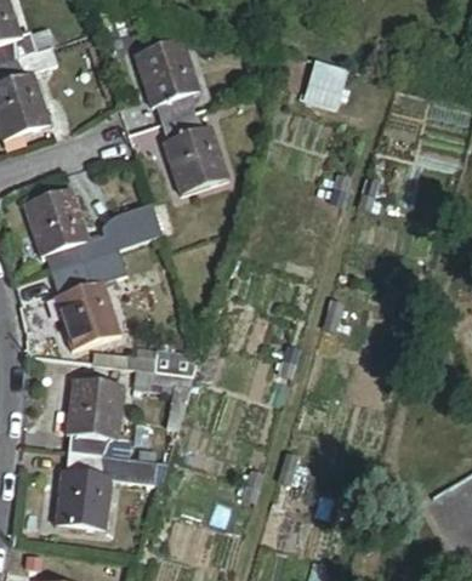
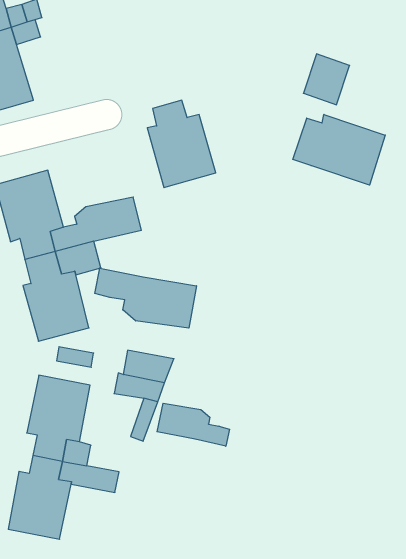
building: [132,38,197,121] -> none
building: none -> [293,114,385,185]
building: none -> [95,268,196,328]
building: none -> [157,403,230,446]

